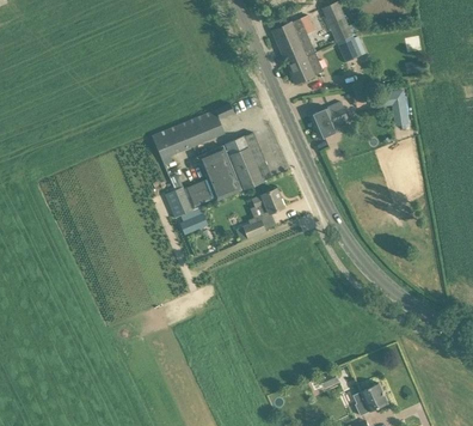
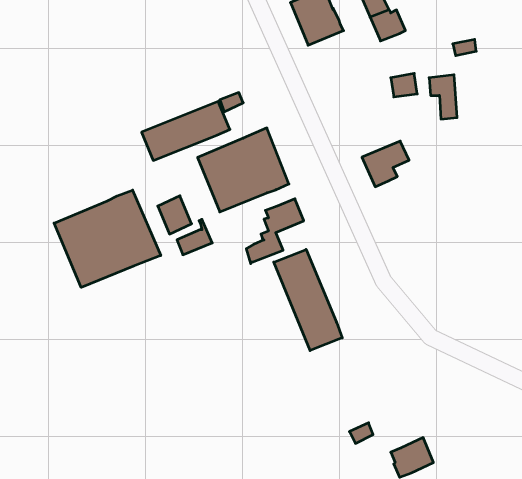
building: [287,53,322,83] -> none
building: [309,102,348,139] -> [362,141,409,187]
building: none -> [54,190,161,287]
building: none -> [274,249,342,351]

